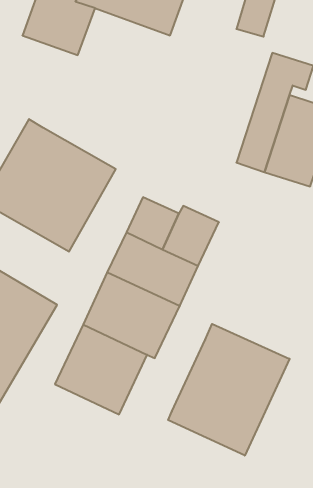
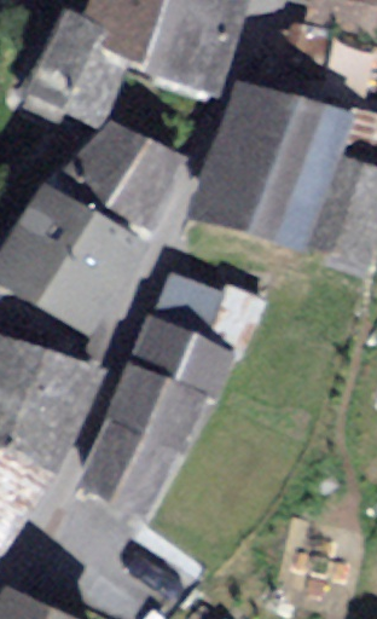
building: none -> [195,86,311,233]
building: none -> [56,120,170,236]
building: [168,324,290,456] -> none

